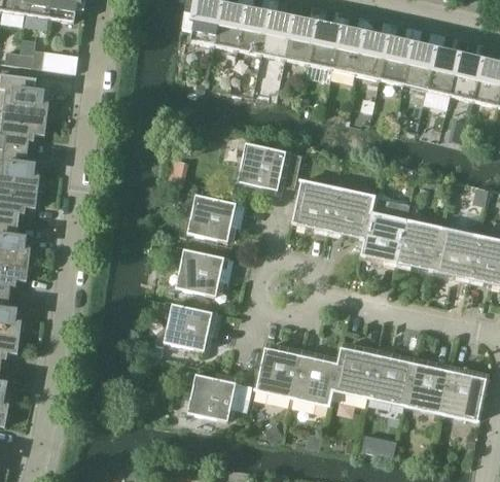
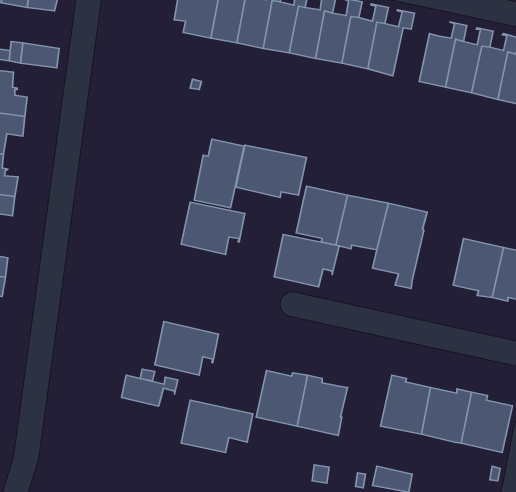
building: [379,26,422,85] -> none
building: none -> [194,139,244,208]
building: [396,220,442,270] -> none
building: [175,249,234,297] -> [274,235,339,287]
building: [331,347,378,398] -> none
building: none -> [122,375,178,406]

